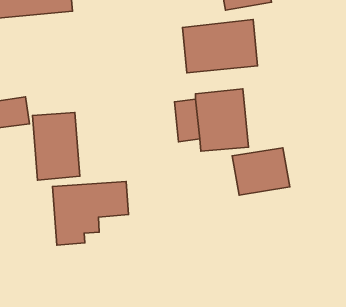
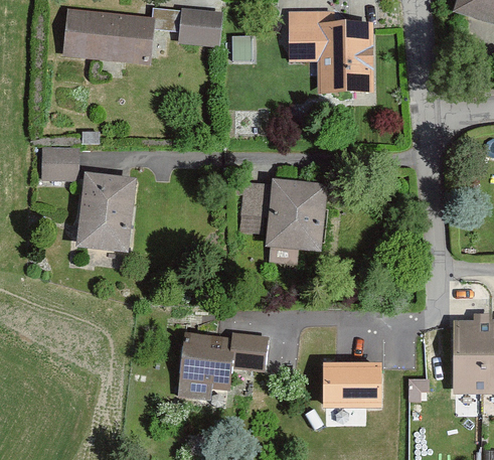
building: [182,20,258,73] -> none
building: [232,148,290,195] -> [325,364,383,411]
building: [53,182,128,245] -> [179,327,270,397]

